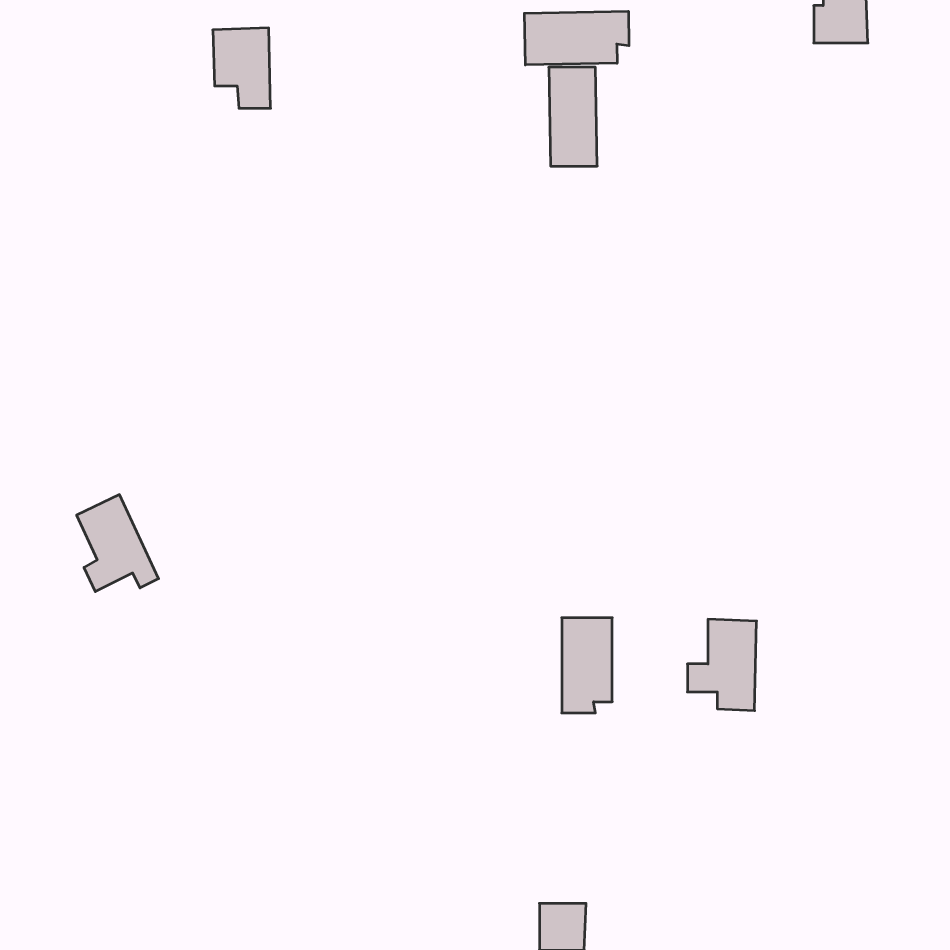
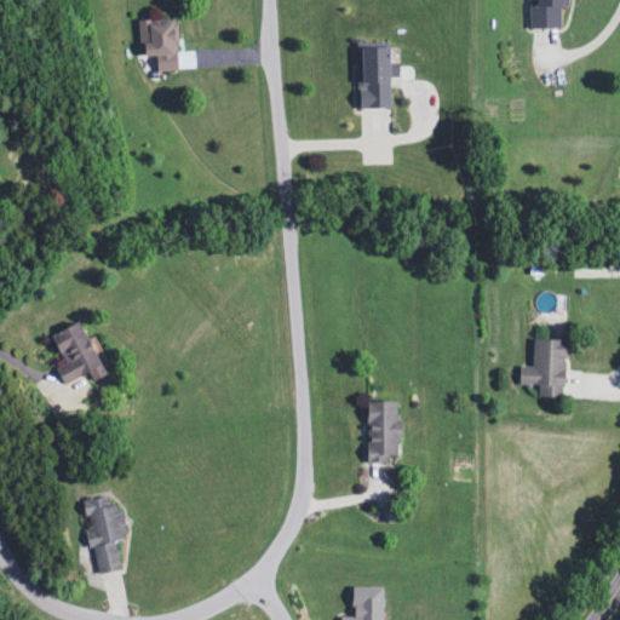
building: [524,11,629,65] -> none
building: [687,619,757,711] -> [521,338,566,397]
building: none -> [84,494,125,574]

